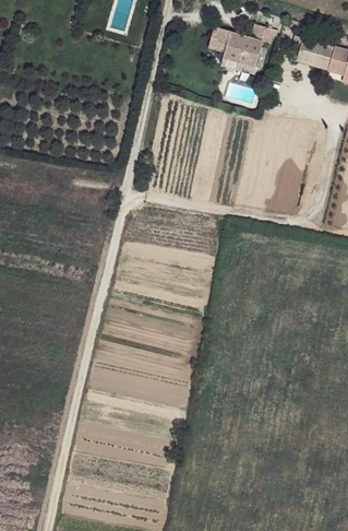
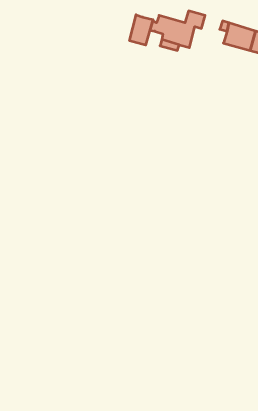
building: none -> [130,15,153,45]

